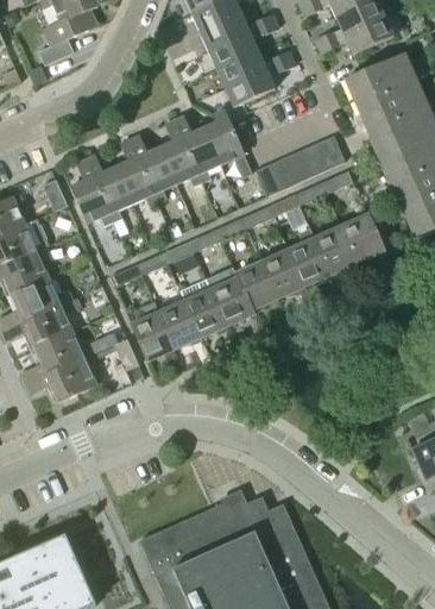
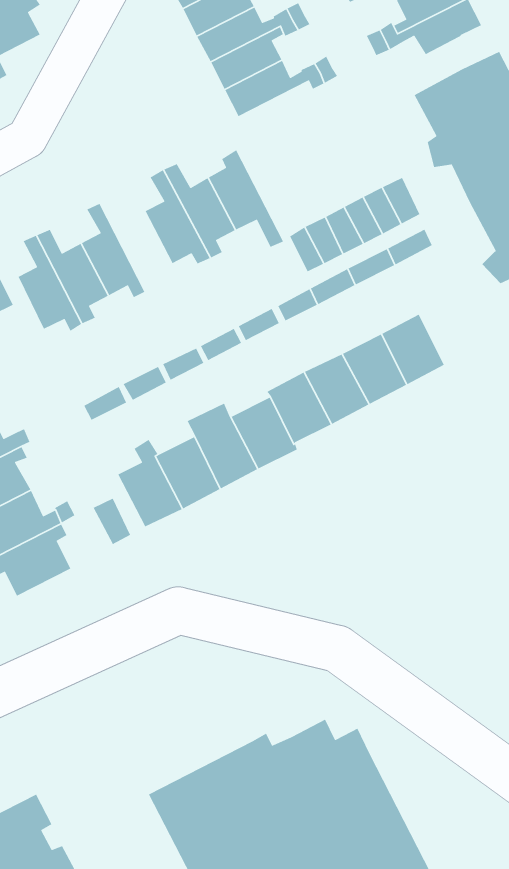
building: [226,67,277,107] -> none
building: [130,136,176,202] -> none
building: [340,215,383,263] -> none

